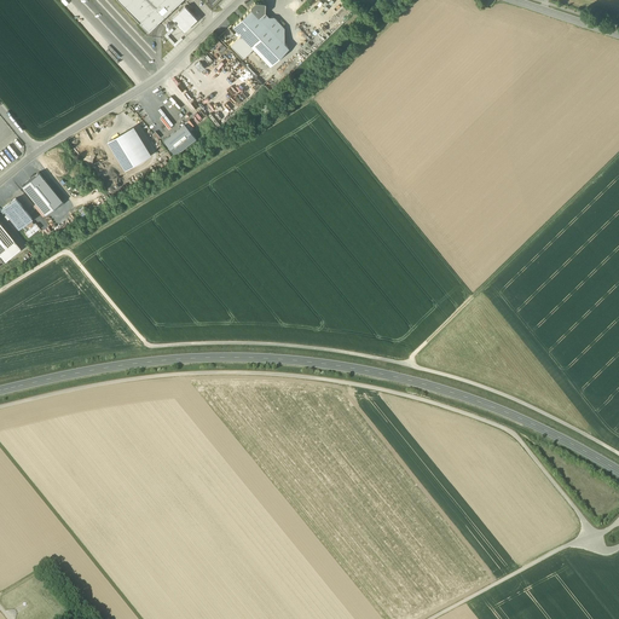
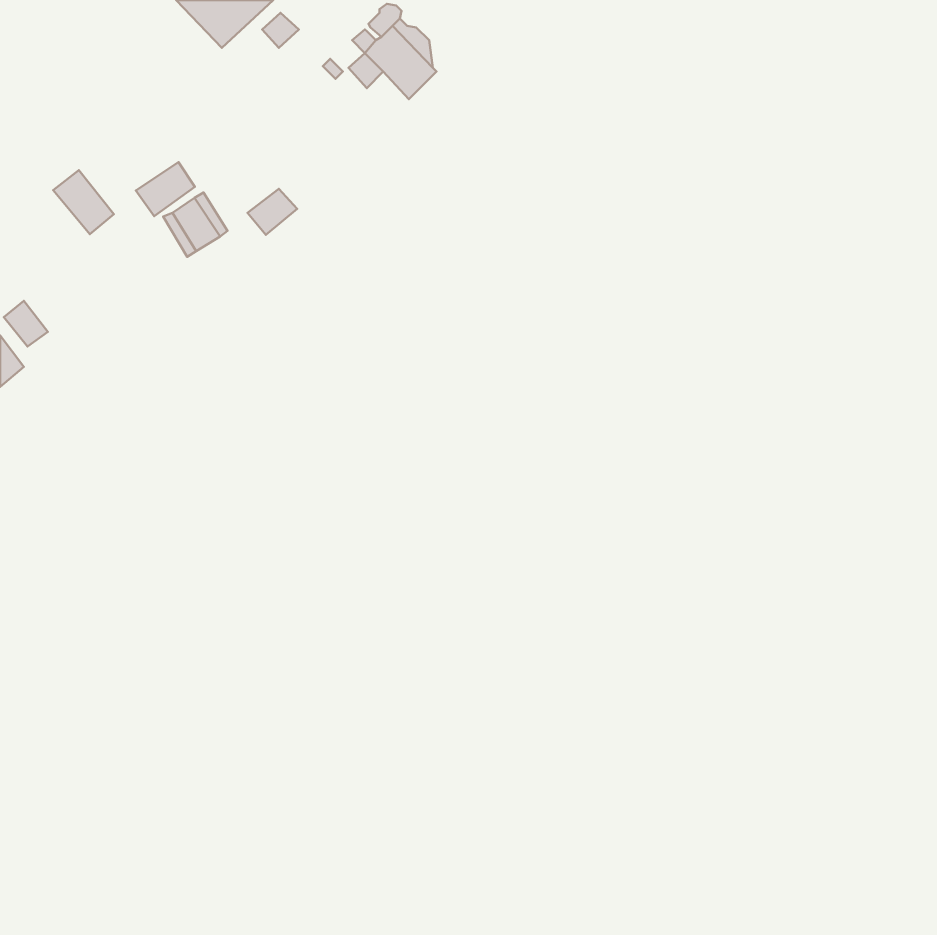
building: none -> [136,162,195,216]
building: [22,174,62,216] -> [53,170,114,234]

